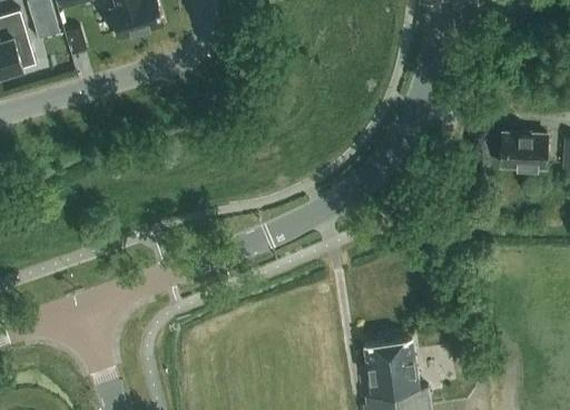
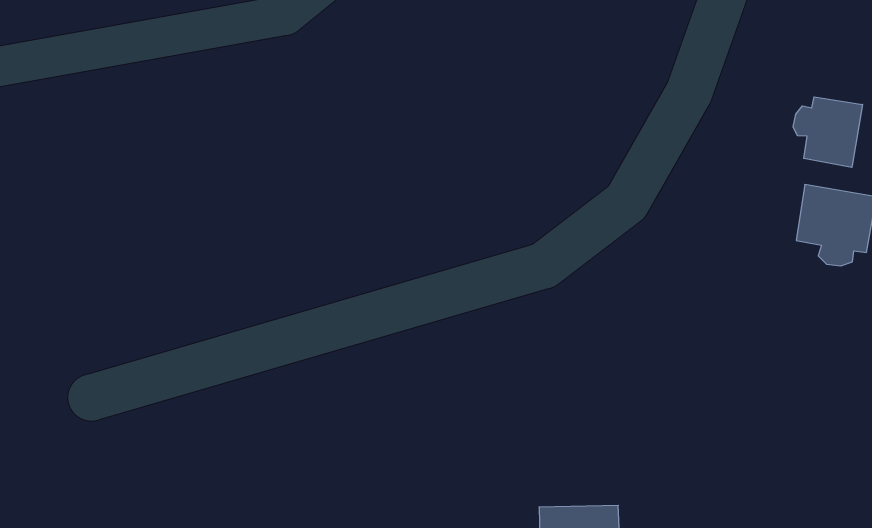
building: none -> [793,97,862,167]

